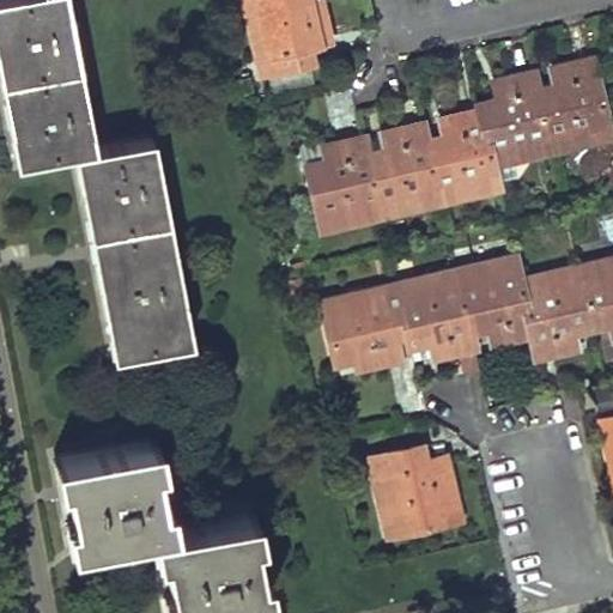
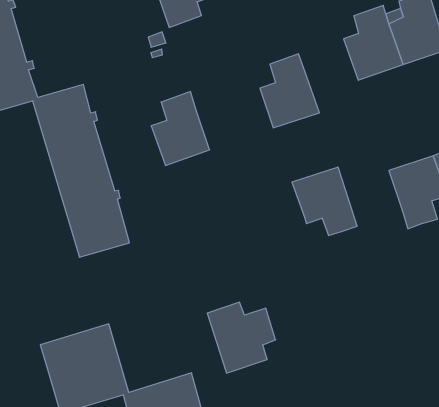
building: [429,114,499,204] -> none
building: [311,141,382,231] -> [151,92,210,165]
building: [459,261,534,346] -> none
building: [327,287,409,372] -> none
building: [376,453,459,540] -> [207,302,276,373]

